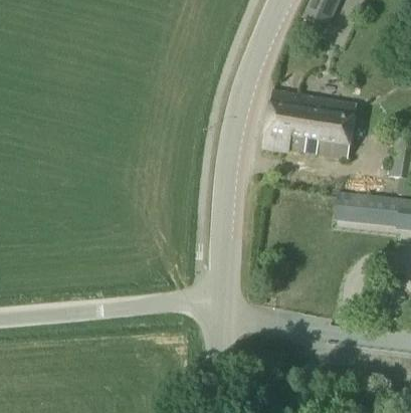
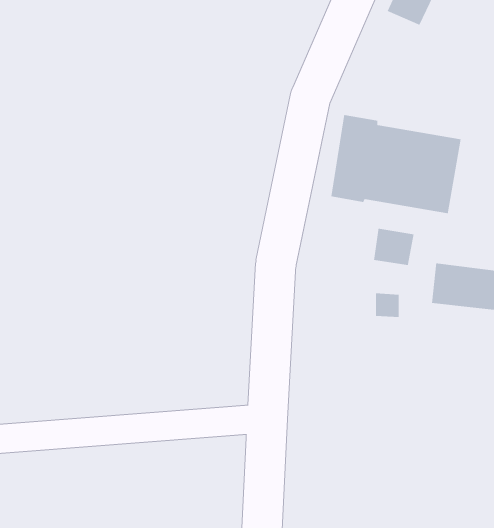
building: none -> [373,228,414,266]

